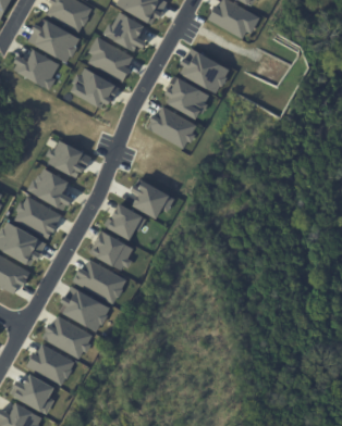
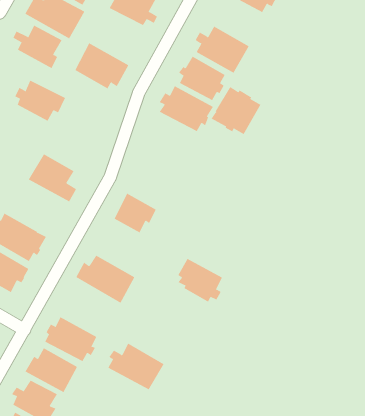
building: [87,36,134,80] -> none
building: none -> [211,86,261,135]
building: [46,139,93,177] -> [14,80,66,122]
building: [131,179,176,218] -> none
building: [14,196,61,237] -> none
building: [93,229,134,270] -> [178,258,223,302]
building: [59,288,111,331] -> [107,343,165,390]

